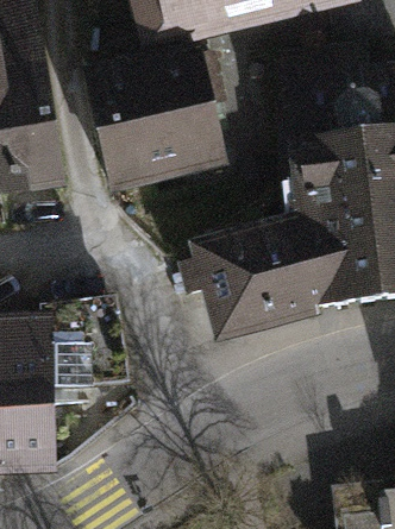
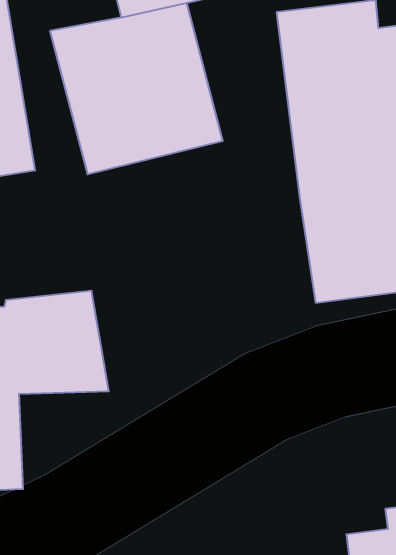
building: [188,210,314,340] -> none

